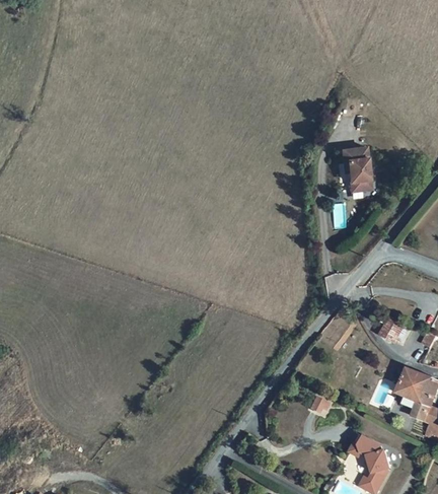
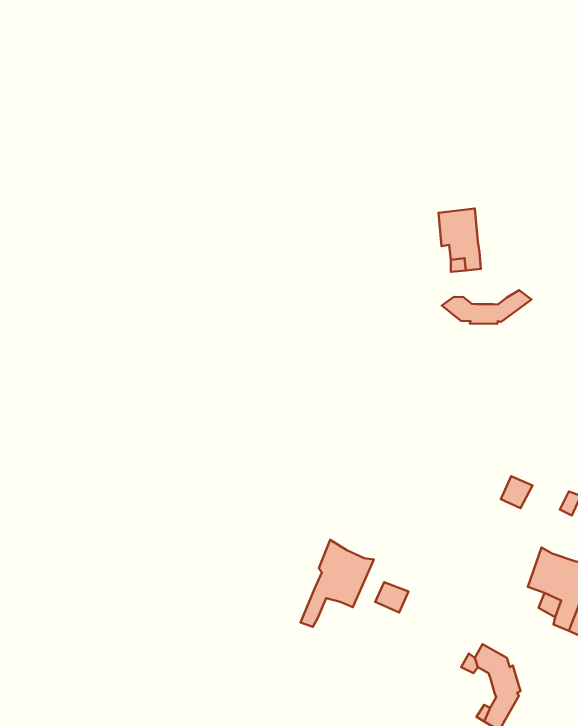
building: none -> [442,290,532,324]
building: none -> [301,540,374,627]

